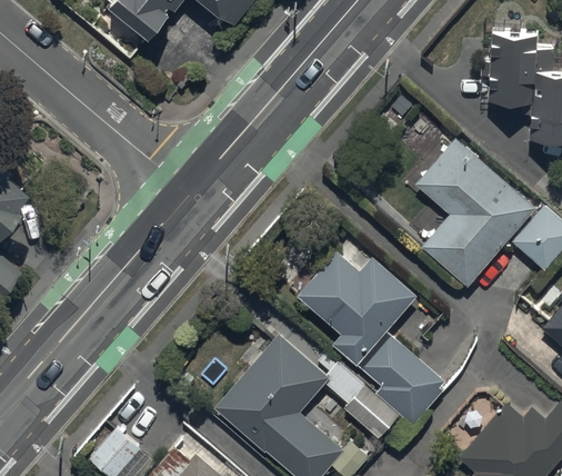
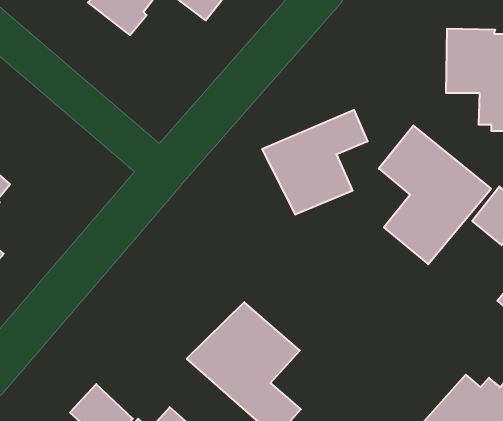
building: none -> [262,110,368,215]
building: [298,254,445,440] -> none

